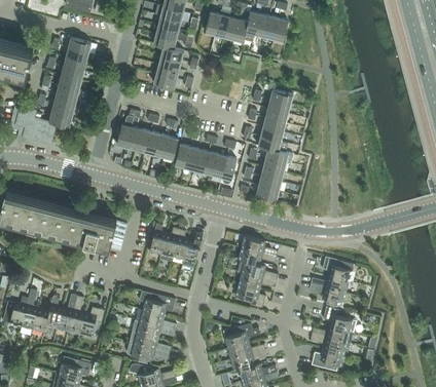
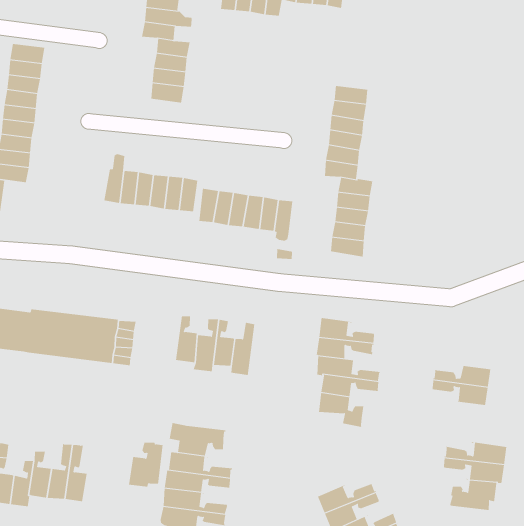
building: [321,257,352,282] -> none
building: [322,307,356,333] -> none
building: [78,308,104,337] -> [128,442,164,487]
building: [222,323,259,349] -> none

